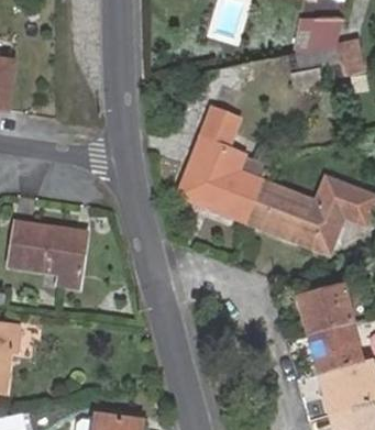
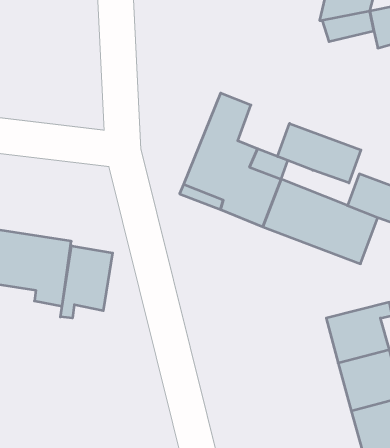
building: none -> [278,123,361,183]
building: none -> [60,246,113,318]

